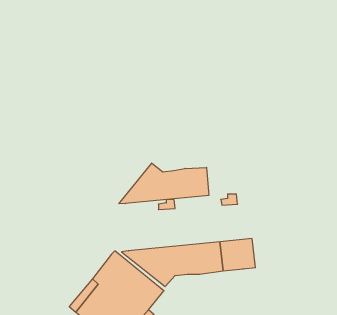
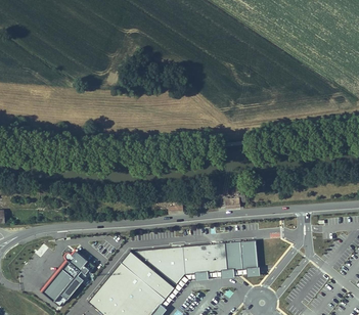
building: [119,163,209,204] -> none
building: none -> [46,249,99,303]

